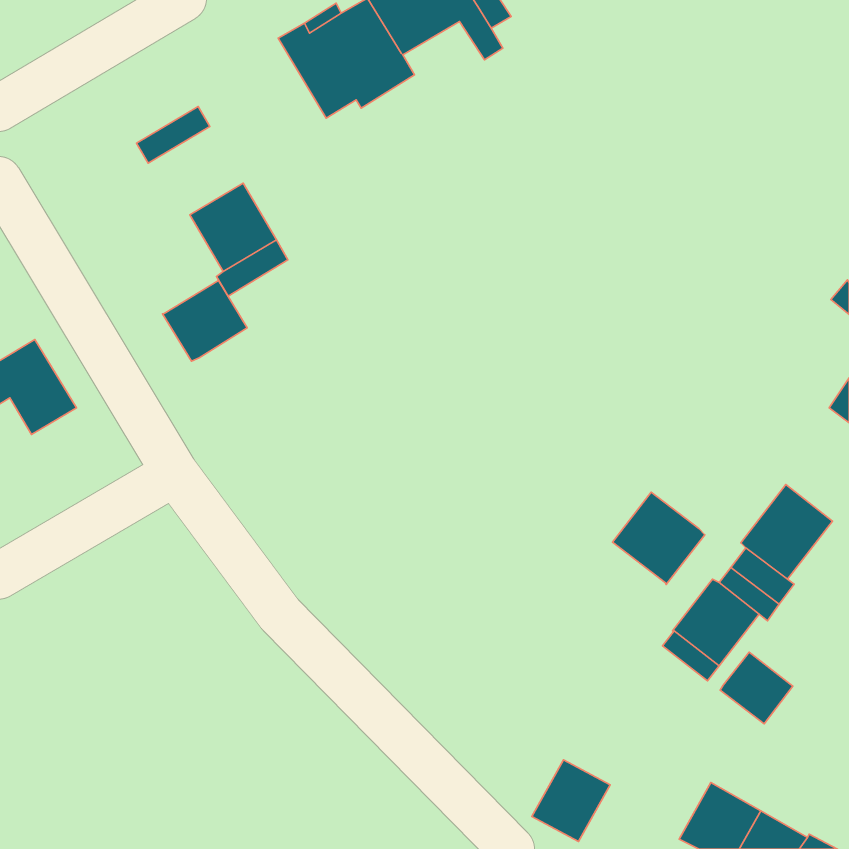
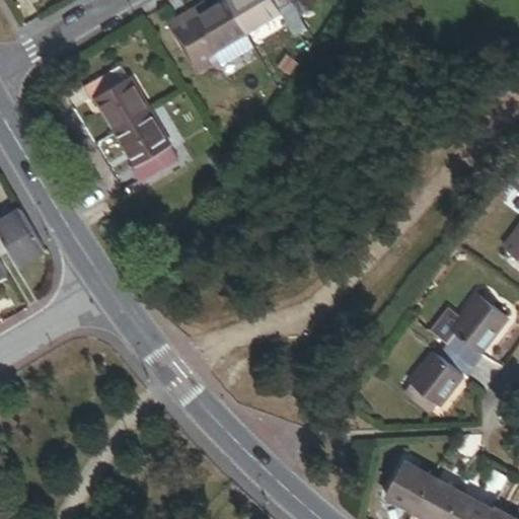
building: none -> [95,77,148,131]
building: [162,280,247,361] -> none
building: [613,492,705,585] -> none
building: [720,652,793,724] -> none
building: [532,760,610,841] -> [385,461,433,511]

